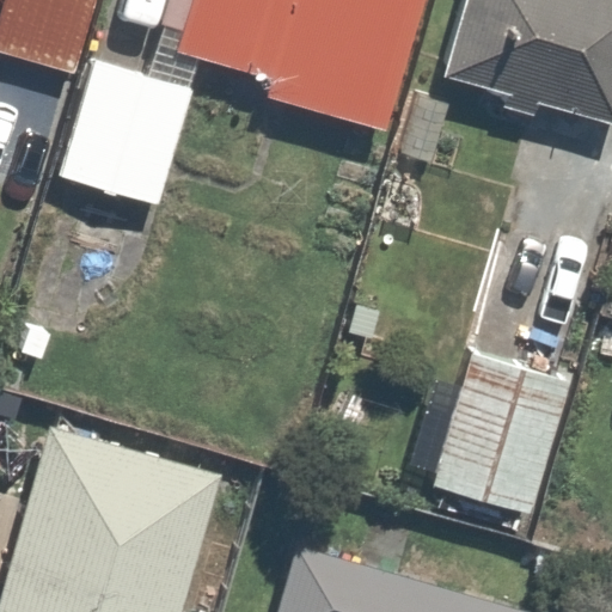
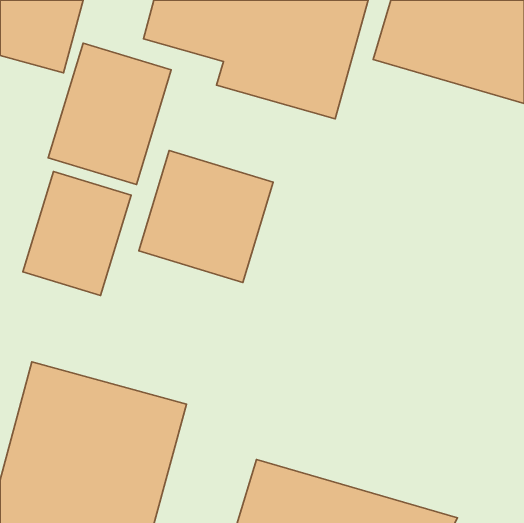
building: none -> [139,151,273,283]
building: none -> [23,172,131,296]
building: [424,347,570,515] -> none

